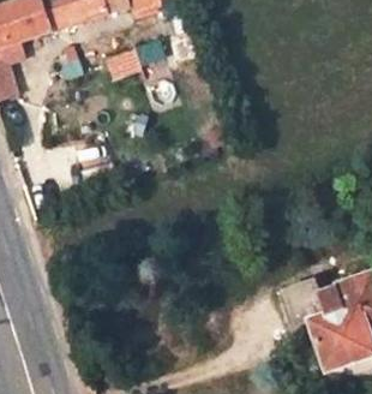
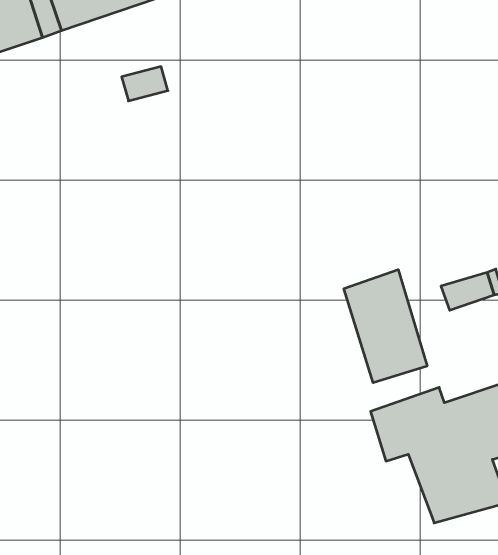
building: none -> [344,270,427,383]

